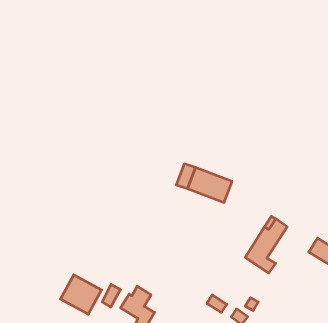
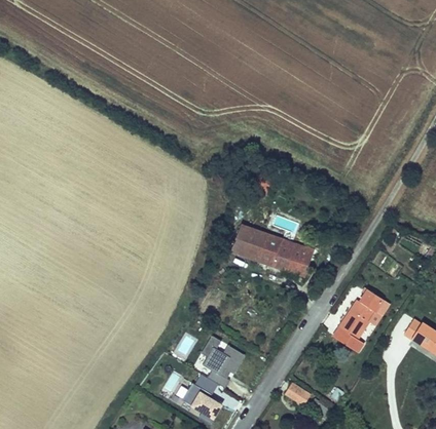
building: none -> [232,224,258,255]
building: none -> [204,333,248,388]
building: [60,275,102,314] -> none

